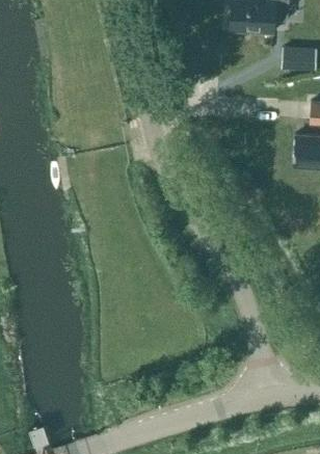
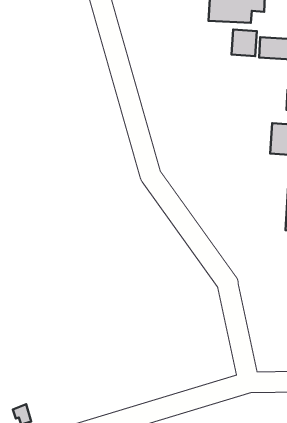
building: none -> [232,30,257,56]

